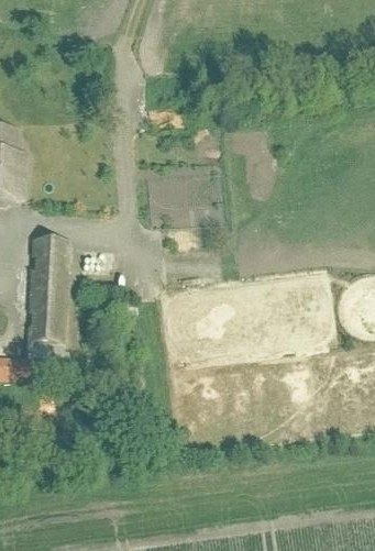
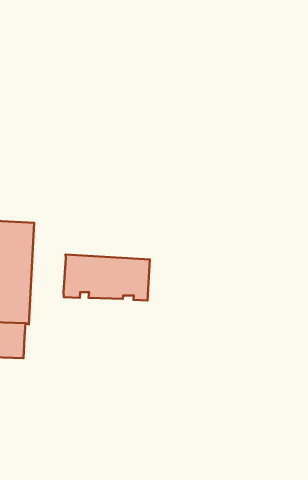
building: none -> [63,255,150,301]

